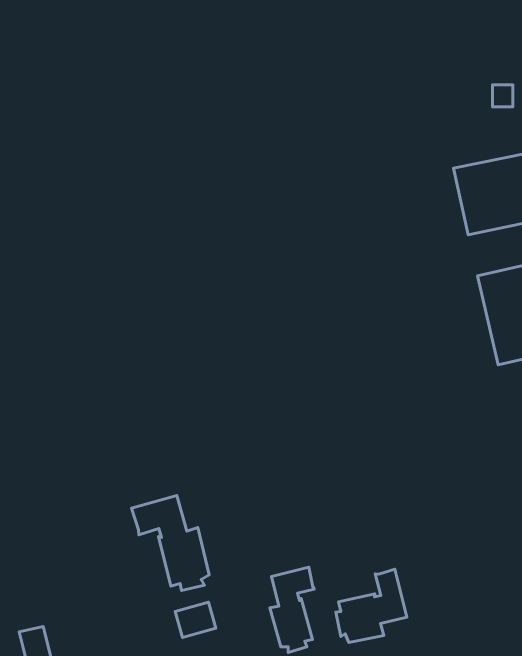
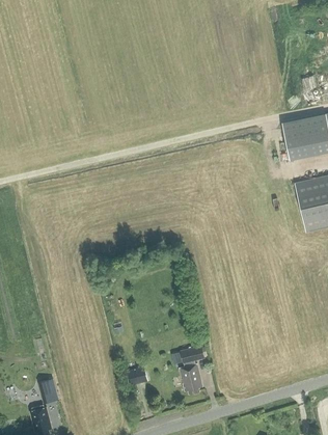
building: [131,495,209,590] -> none
building: [336,569,407,642] -> none

